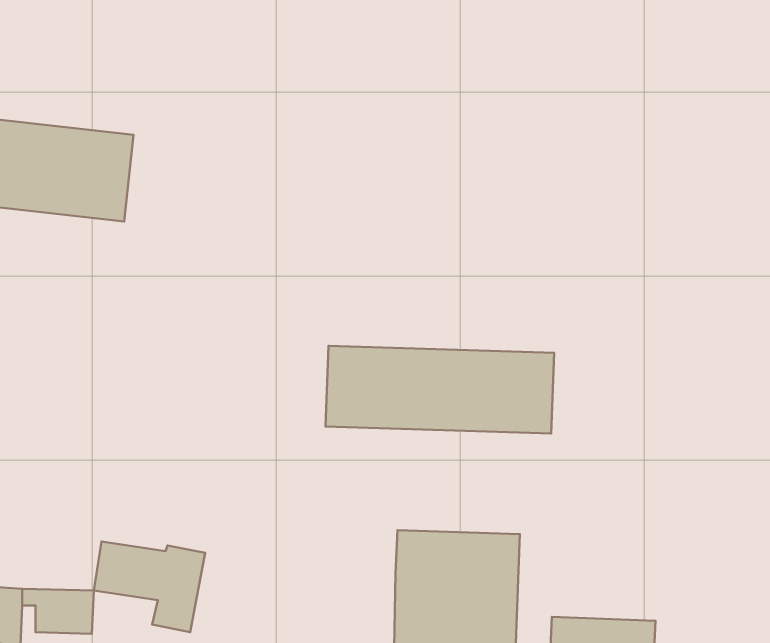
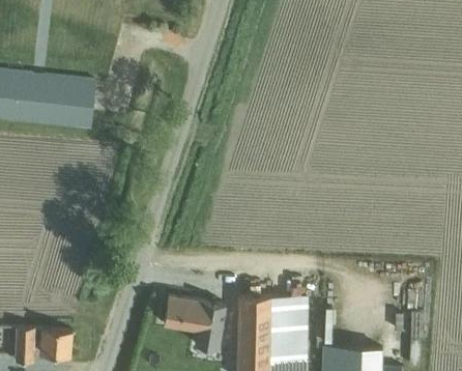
building: [326,346,554,434] -> none
building: [94,542,205,632] -> [164,298,225,348]

